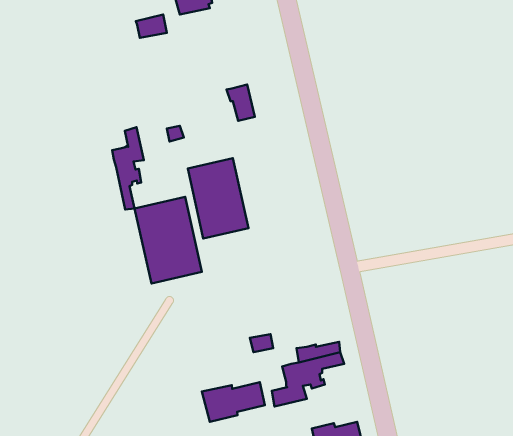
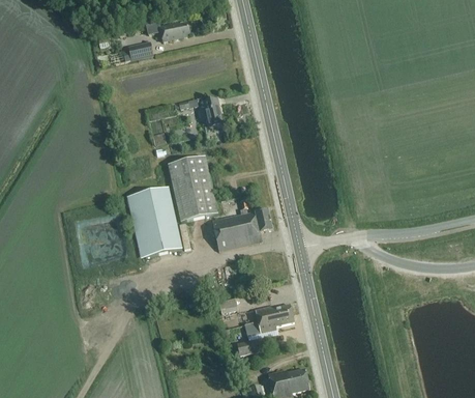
building: [112,127,144,210] -> none
building: none -> [212,200,271,250]
building: [202,382,265,422] -> none

